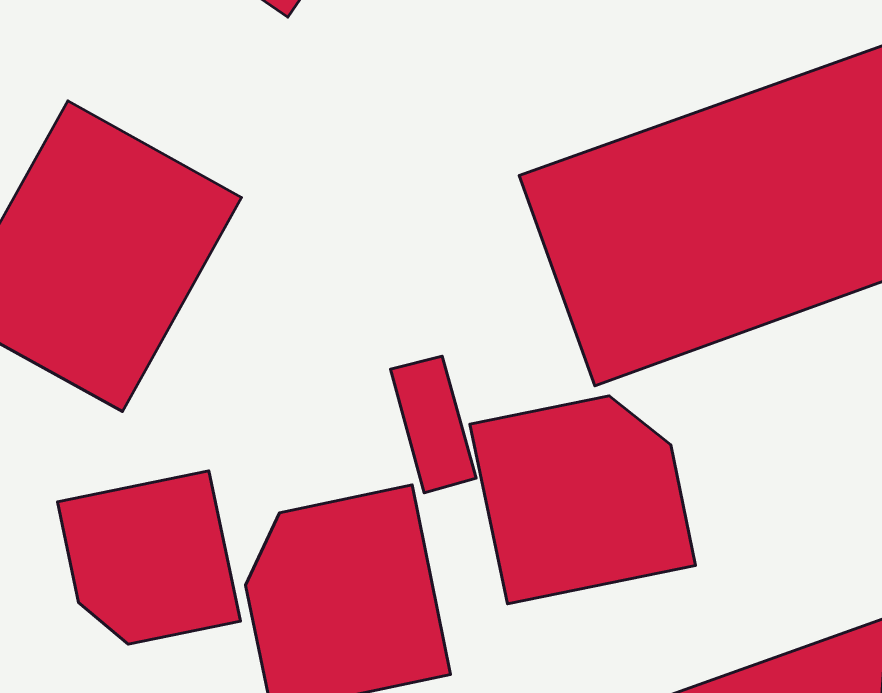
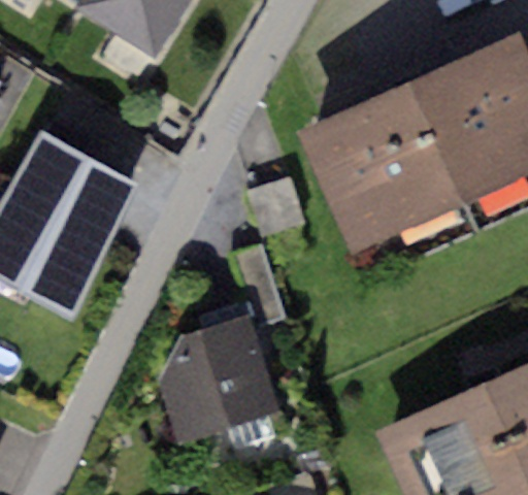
building: [470,396,696,604] -> none
building: [57,471,241,644] -> none

